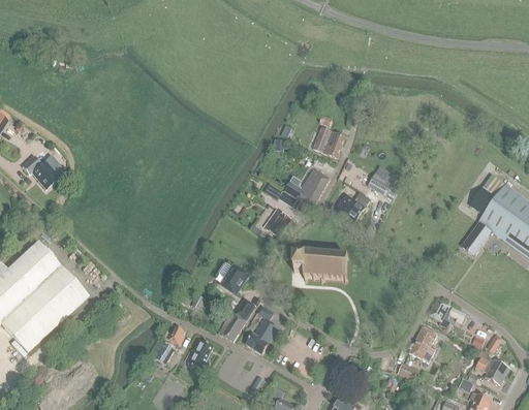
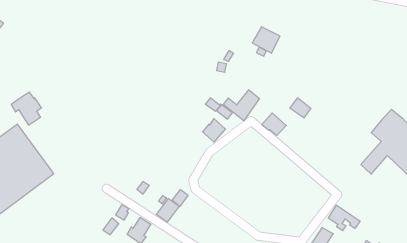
building: [312,126,345,157] -> [252,27,280,53]
building: [22,148,59,188] -> [11,92,42,125]
building: [293,248,348,280] -> none
building: [219,262,248,293] -> none
building: [245,305,278,353] -> none

